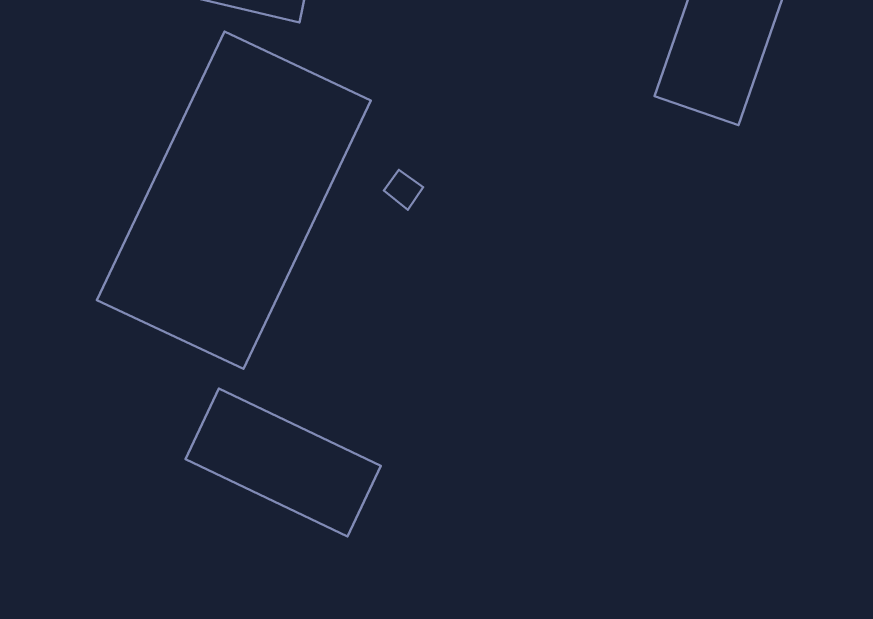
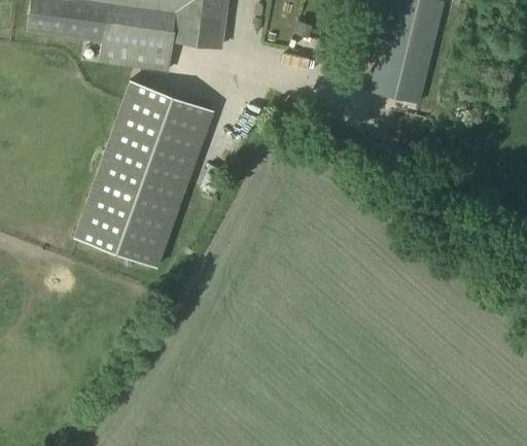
building: [185,389,381,536] -> none

